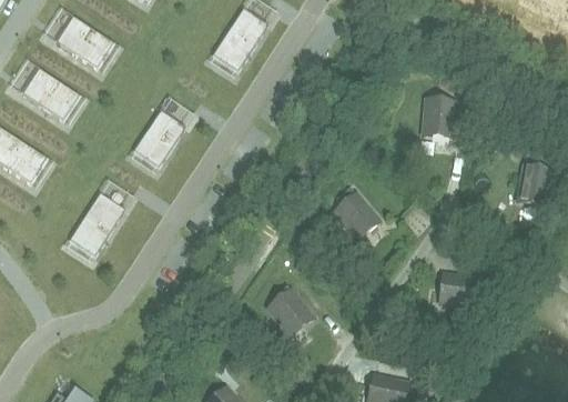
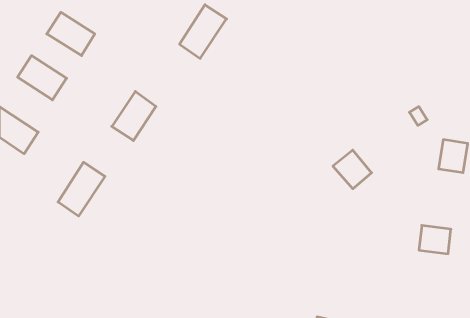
building: [422,99,454,135] -> none
building: [333,193,378,239] -> [333,150,372,189]
building: [439,273,477,306] -> [419,225,451,254]
building: [267,289,312,334] -> none

